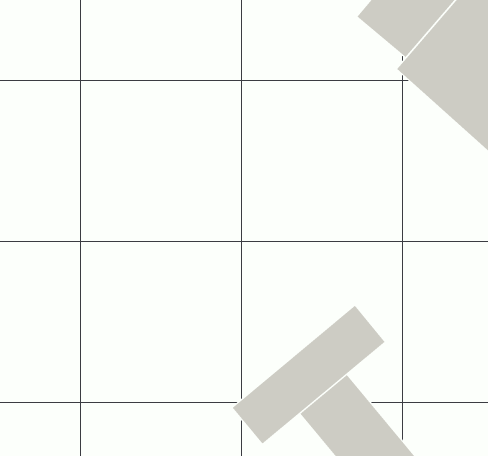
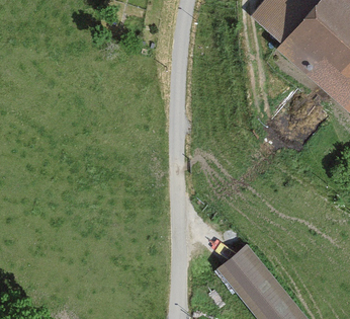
building: [232,305,386,444] -> none

